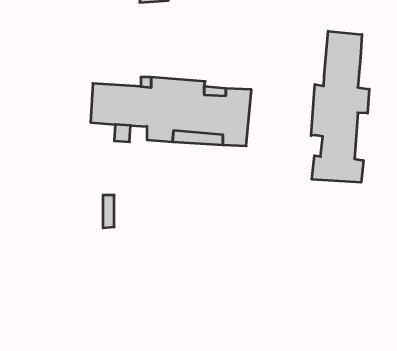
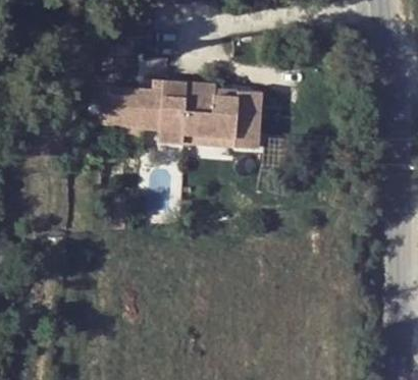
building: [311,31,369,182] -> none

